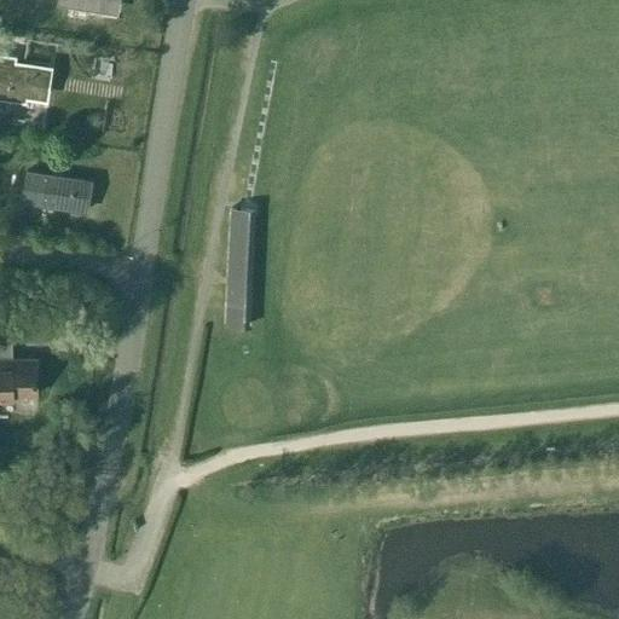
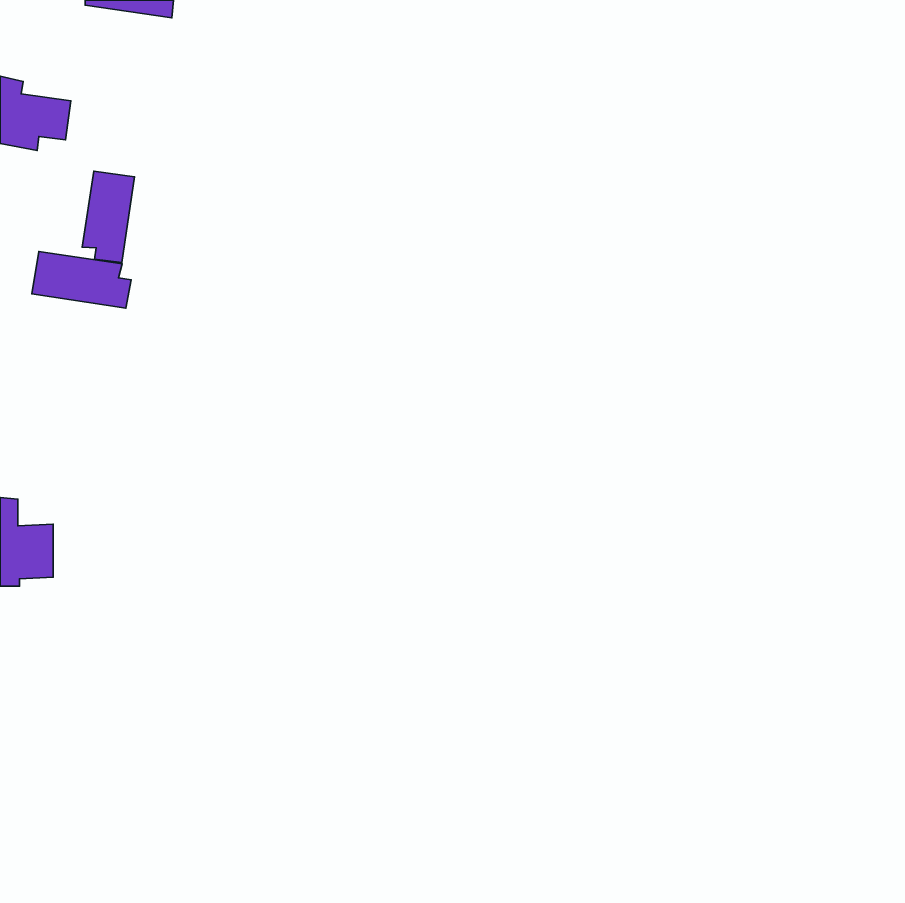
building: none -> [82,171,135,262]
building: [225,209,253,328] -> none

